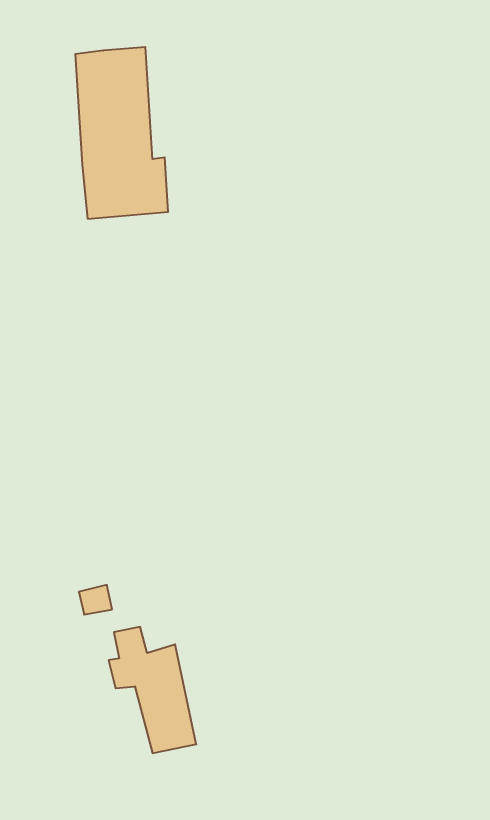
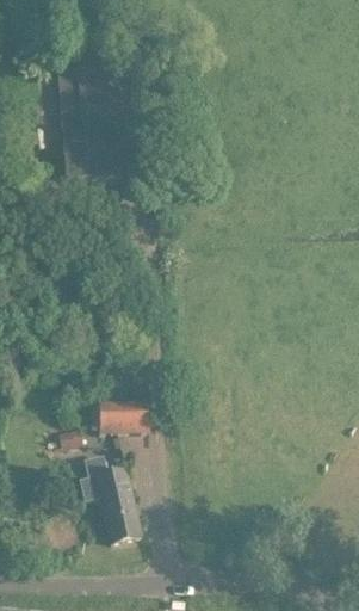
building: none -> [100,400,149,433]

